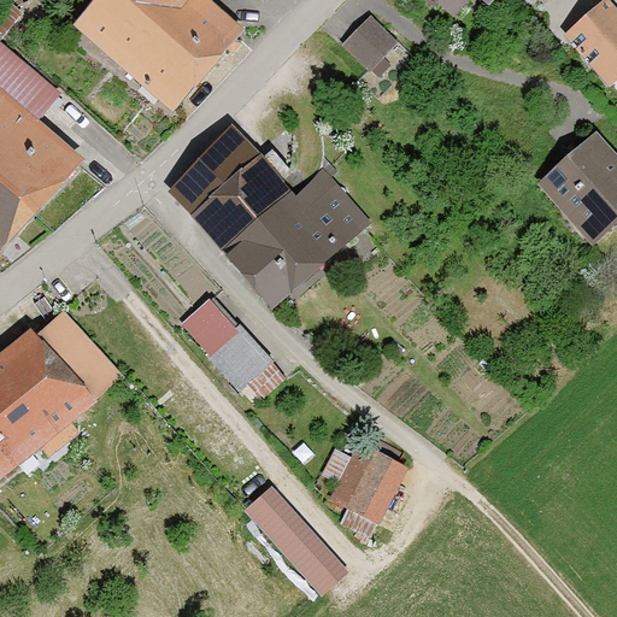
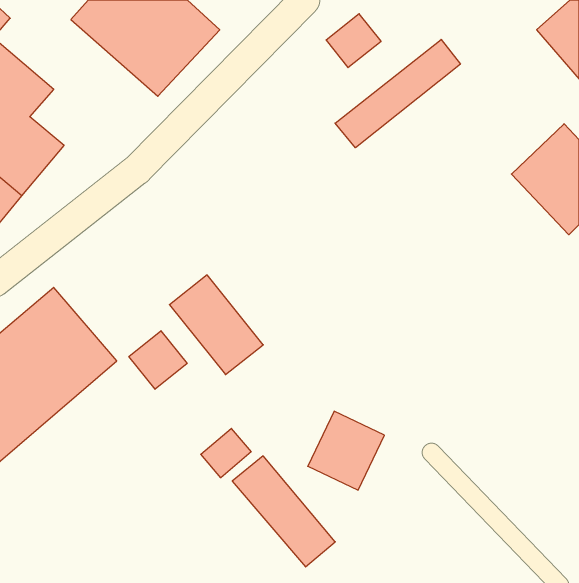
building: none -> [335,39,460,148]
building: [172,110,370,307] -> none
building: none -> [129,331,187,389]
building: none -> [201,428,251,478]

